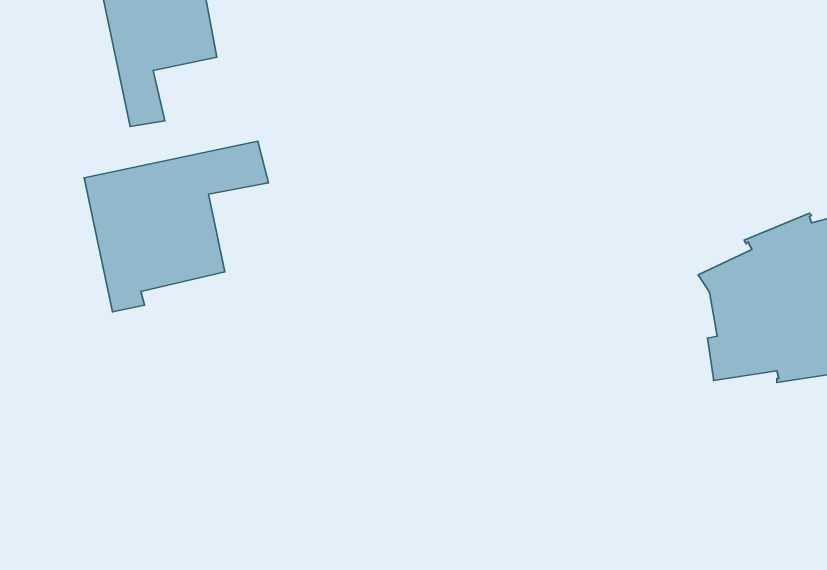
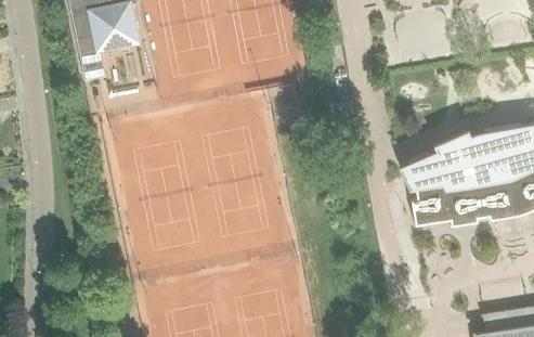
building: [84,141,269,312] -> none

